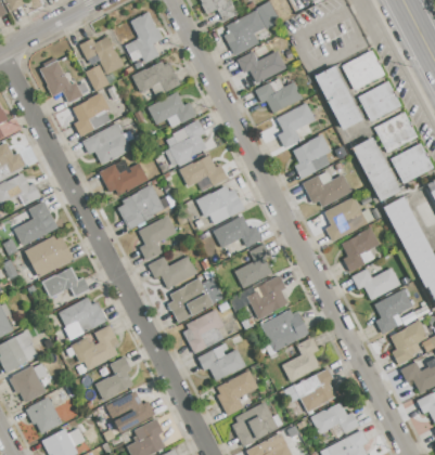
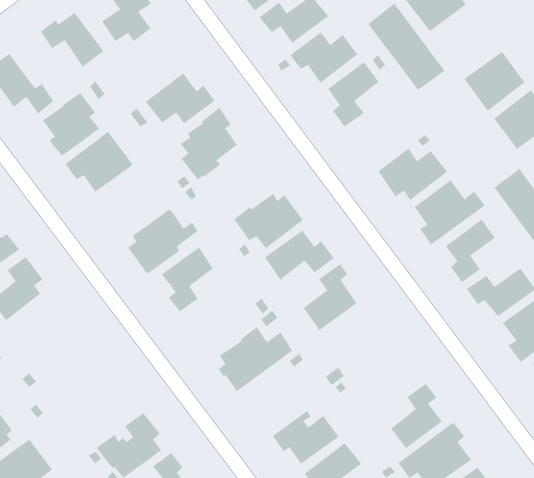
building: [131,60,181,98] -> none
building: [86,64,116,91] -> none
building: [358,80,401,121] -> none
building: [292,134,330,179] -> none
building: [351,136,399,201] -> none
building: [179,154,228,192] -> none
building: [99,158,149,198] -> none
building: [24,234,74,276] -> none
building: [148,256,197,287] -> none
building: [41,266,89,298] -> none
building: [229,269,298,318] -> none
building: [59,296,107,339] -> none
building: [183,308,225,352] -> none
building: [260,309,309,355] -> none

